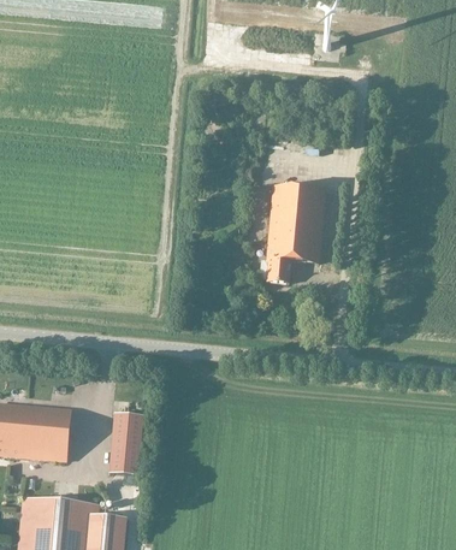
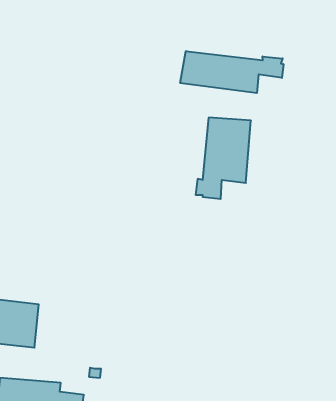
building: none -> [180,51,283,93]
building: [108,413,143,475] -> none

